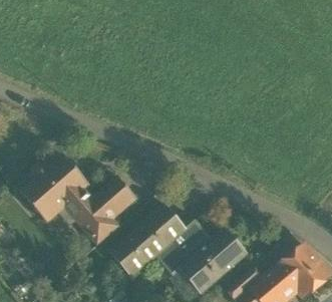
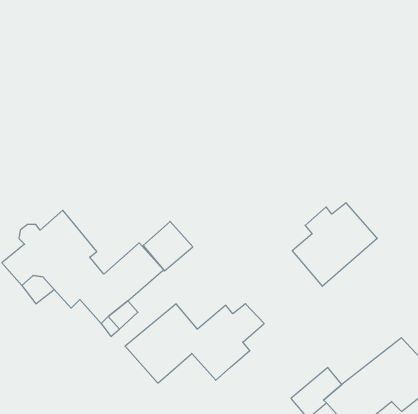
building: [144,203,180,238] -> [143,221,193,271]
building: [183,231,243,290] -> [292,203,377,286]

